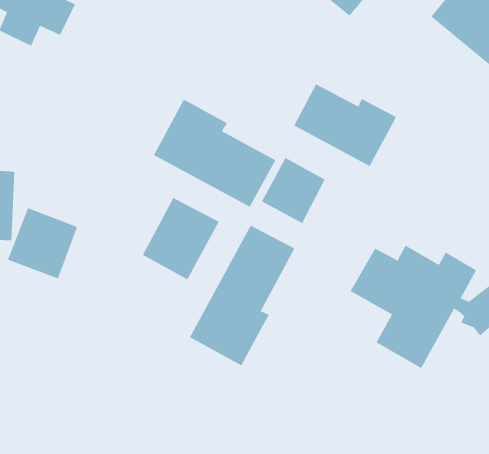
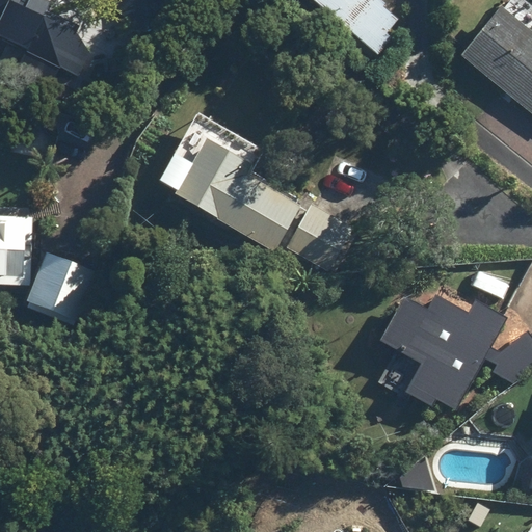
building: [293,84,397,167] -> none
building: [142,197,219,280] -> none
building: [189,225,295,366] -> none

